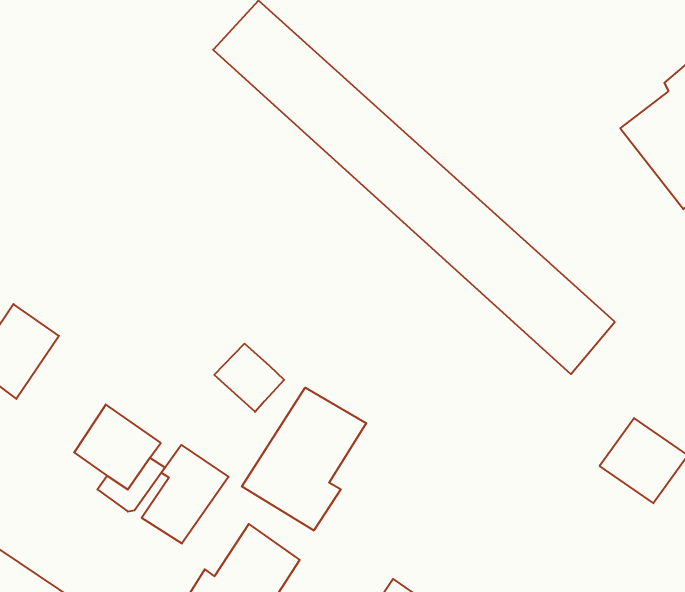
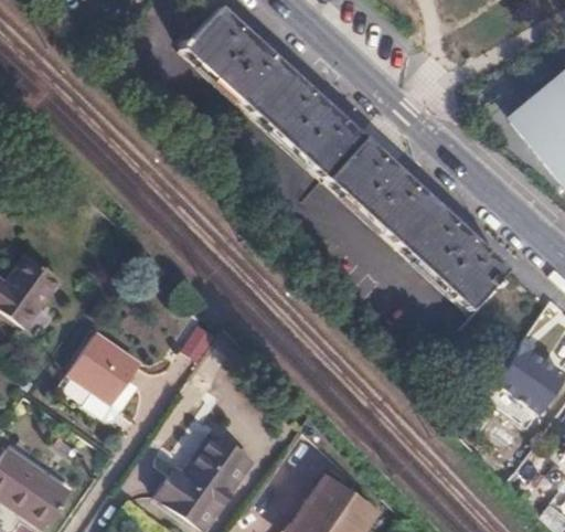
building: [214,344,284,412] -> none
building: [242,388,366,531] -> none
building: [142,445,229,544] -> none

